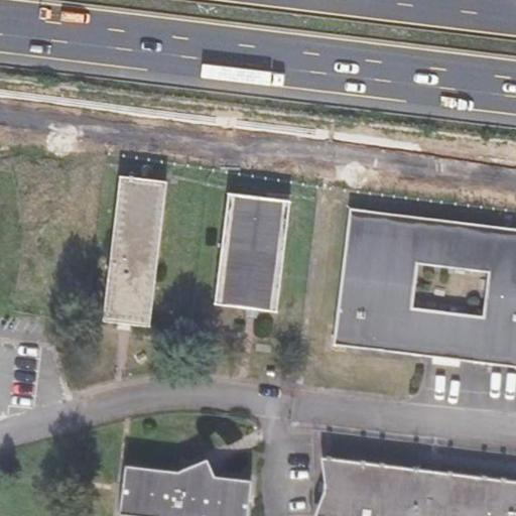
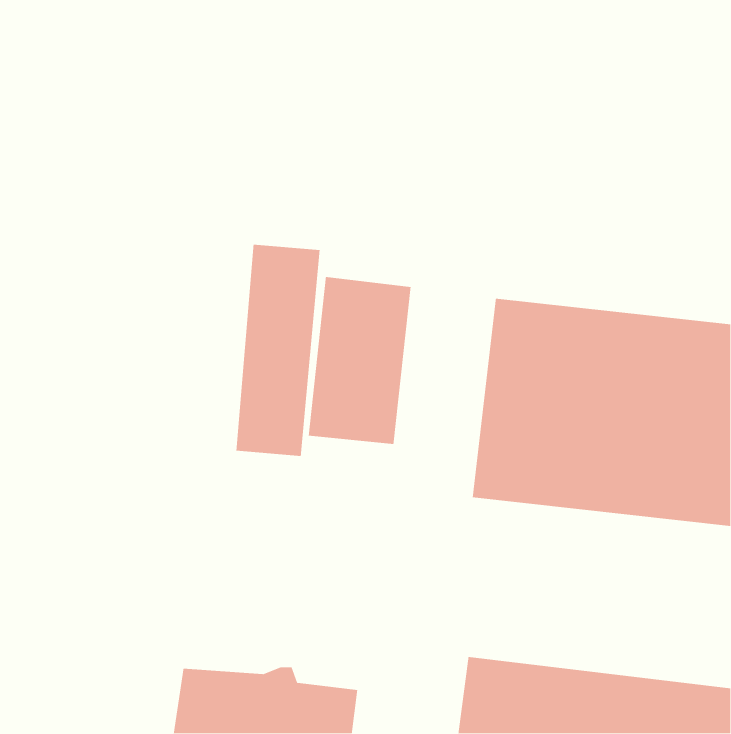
building: [106,177,165,327] -> [235,244,320,457]

